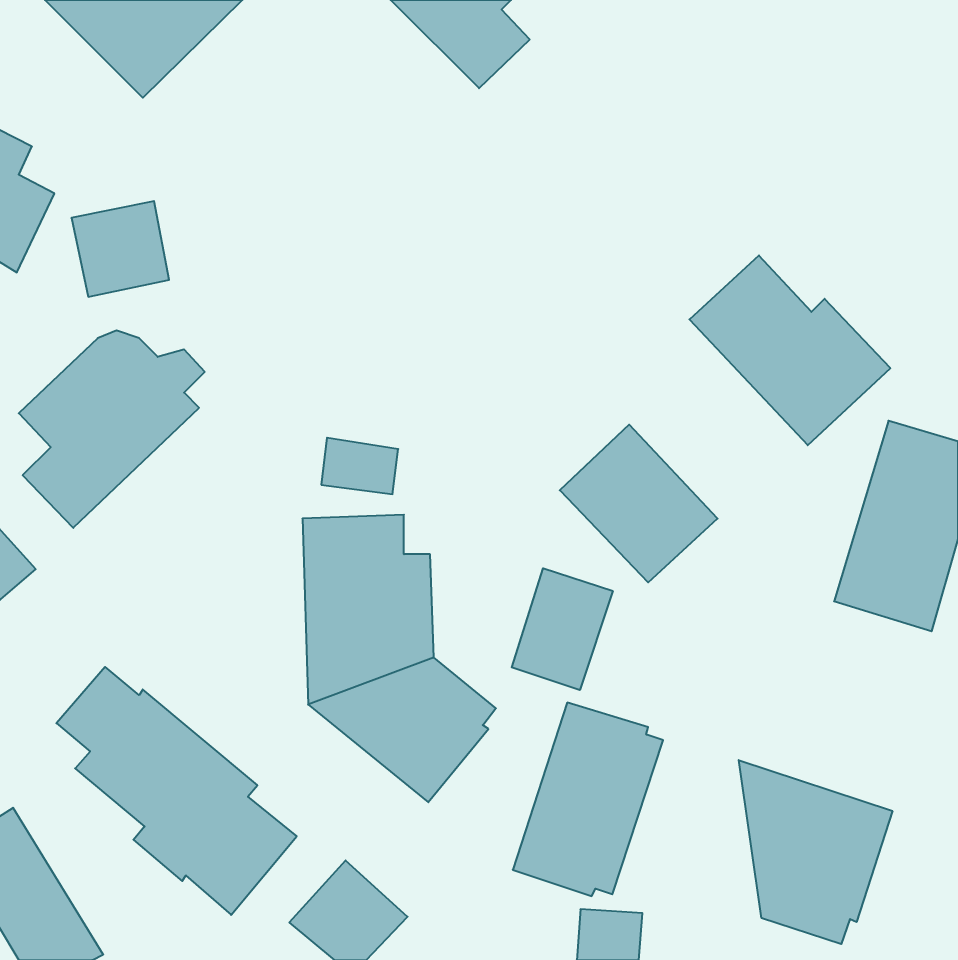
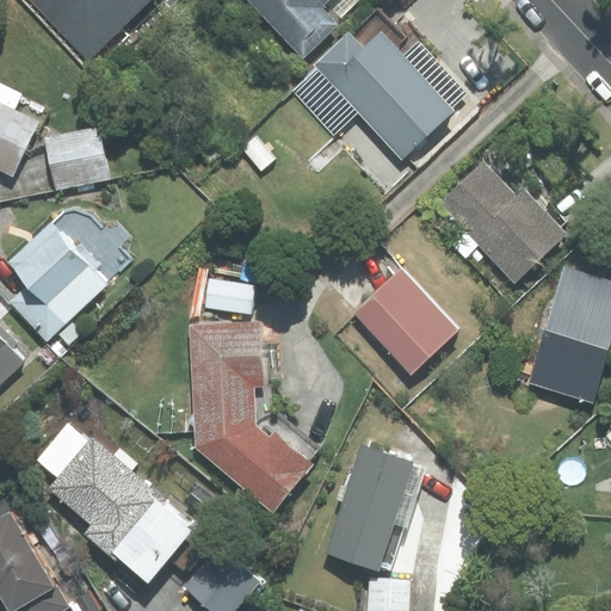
building: none -> [292,10,467,156]
building: [512,568,613,690] -> none
building: [739,760,892,944] -> none

